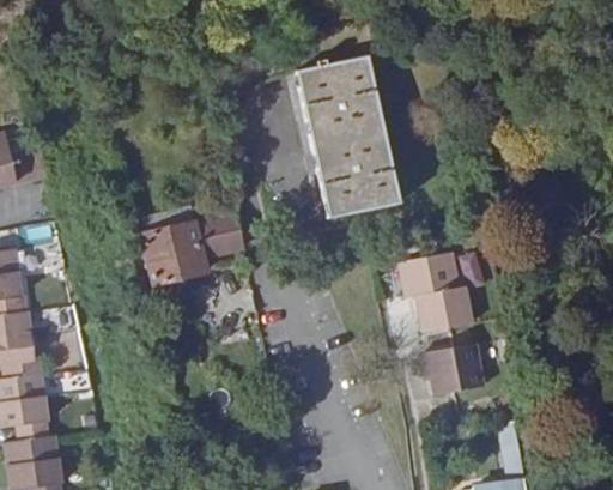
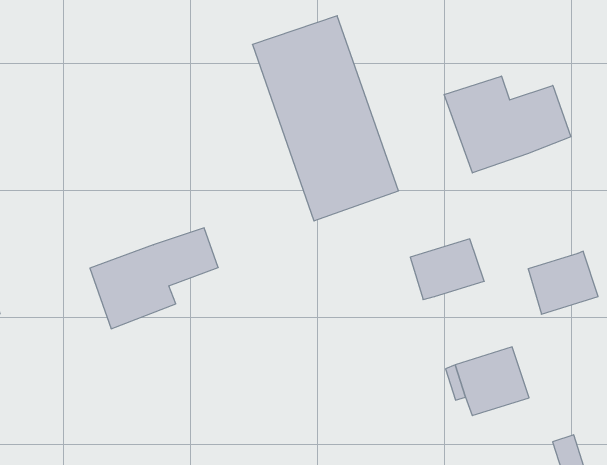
building: none -> [444,76,571,173]
building: [415,285,469,332] -> [528,251,598,314]

